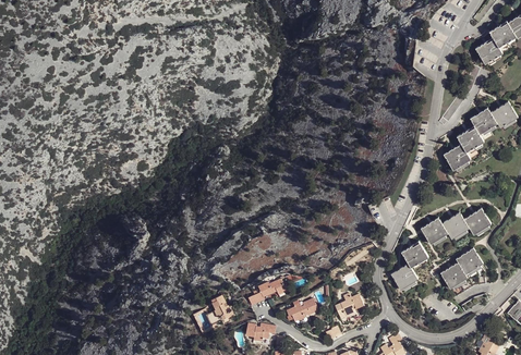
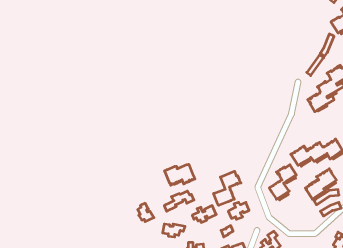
building: none -> [165,164,195,185]
building: none -> [214,171,241,205]

